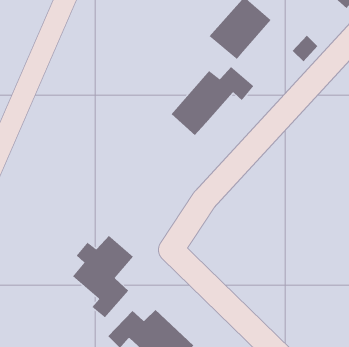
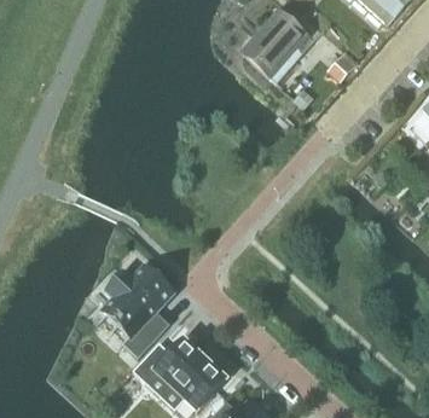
building: [171,66,254,136] -> none

